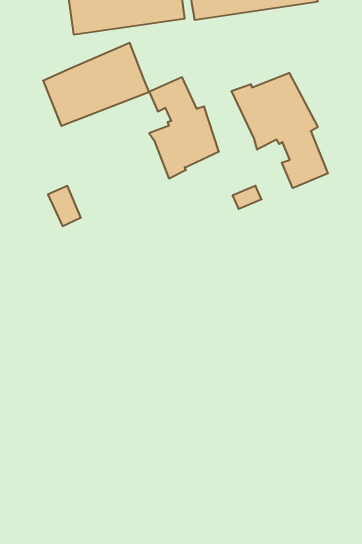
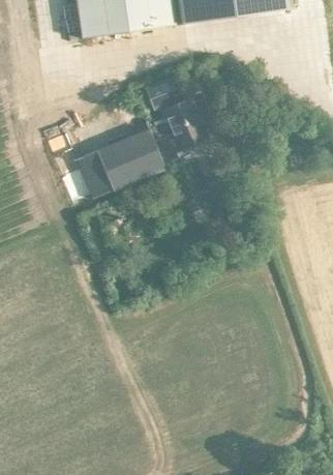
building: [43,43,149,126] -> [78,127,168,198]
building: [232,73,328,188] -> none

